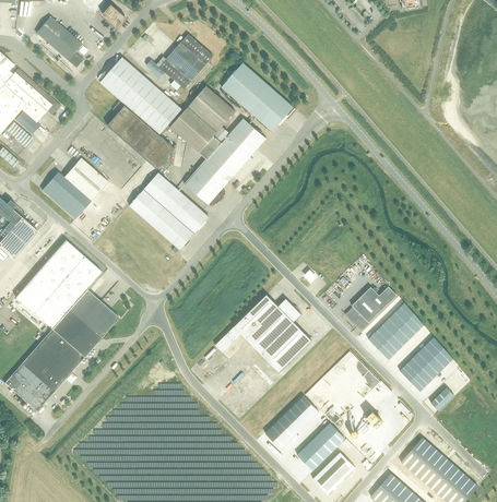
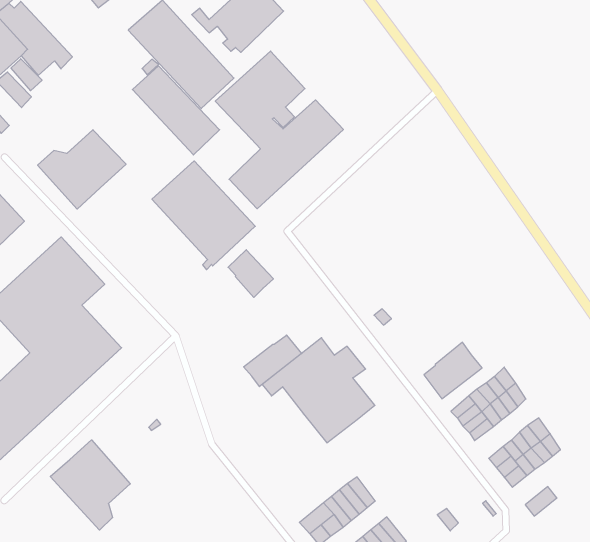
building: [222,63,294,132] -> none
building: none -> [228,250,273,297]
building: none -> [244,335,302,387]
building: none -> [50,440,130,530]

